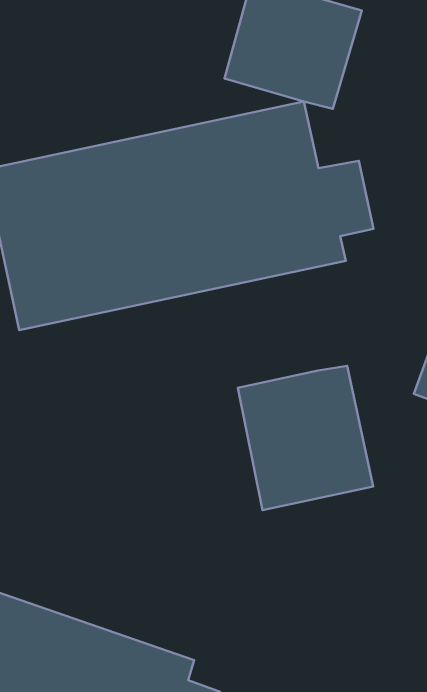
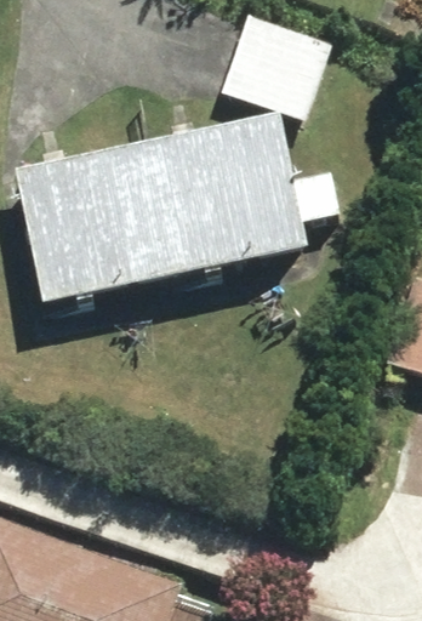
building: [238,366,373,510] -> none

